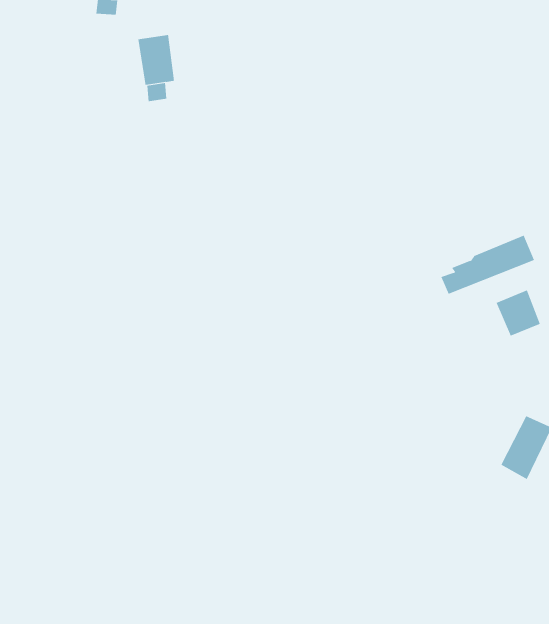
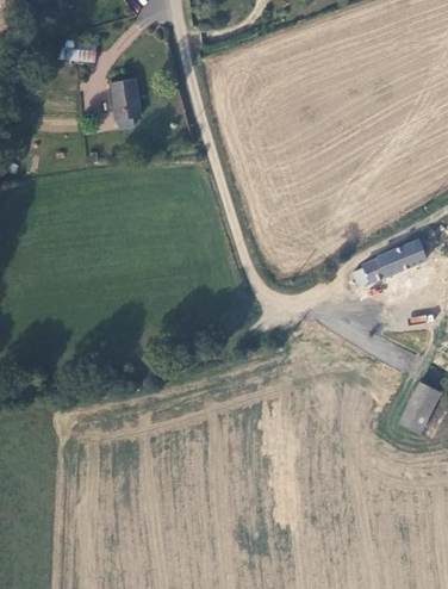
building: [496,290,540,336] -> none

